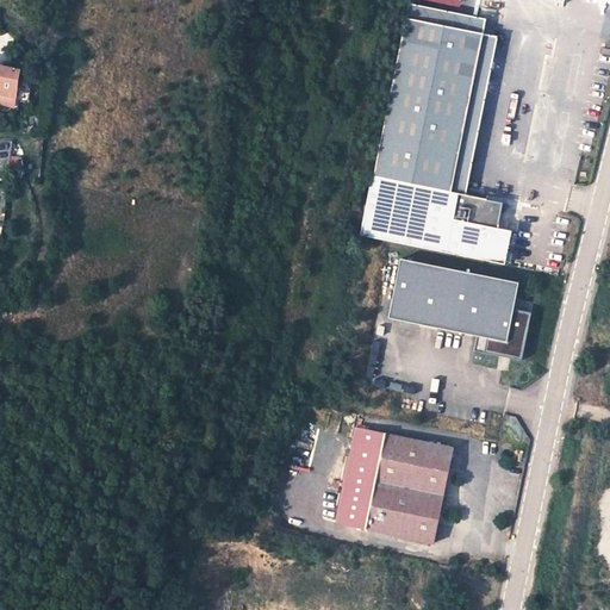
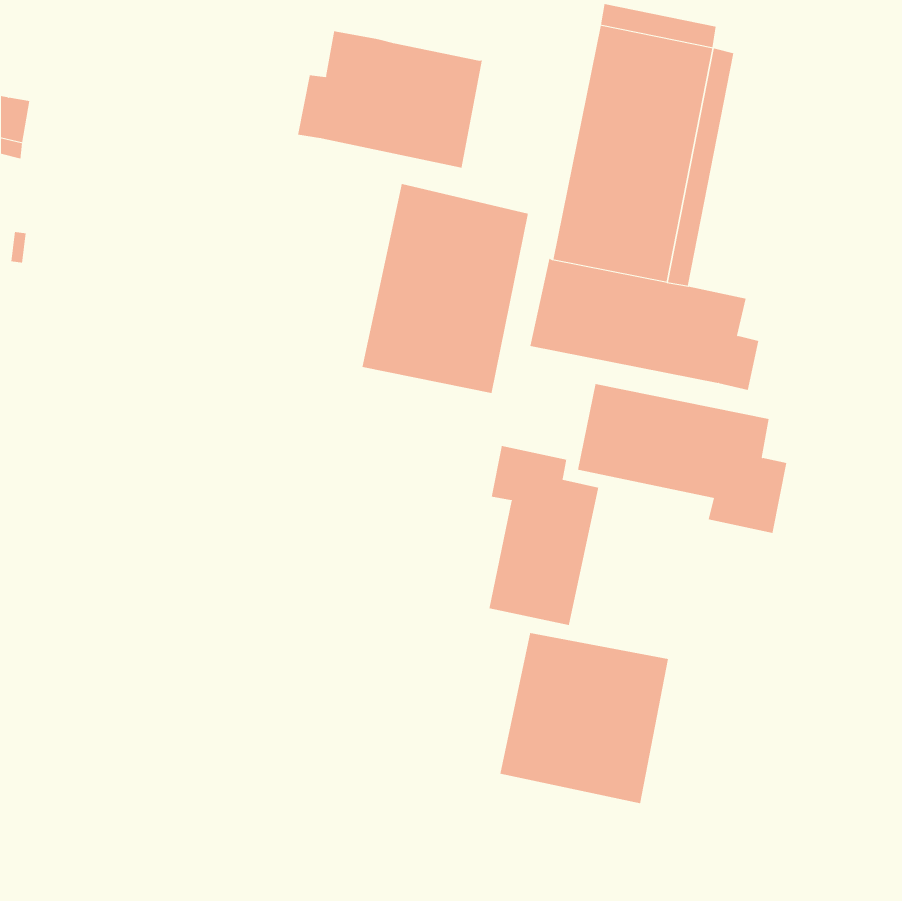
building: none -> [298,30,482,168]
building: none -> [362,183,529,394]
building: none -> [489,445,599,626]

